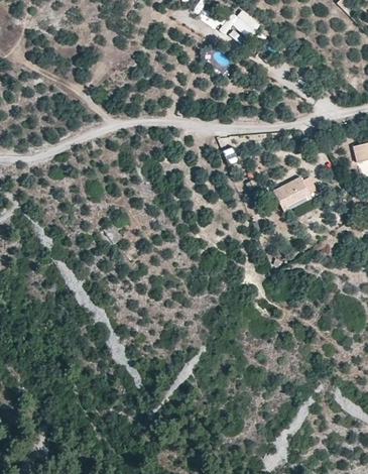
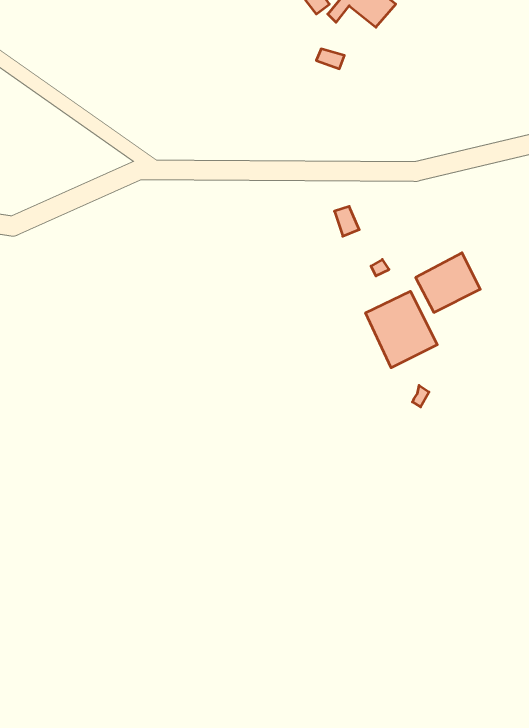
building: none -> [366,291,437,368]

